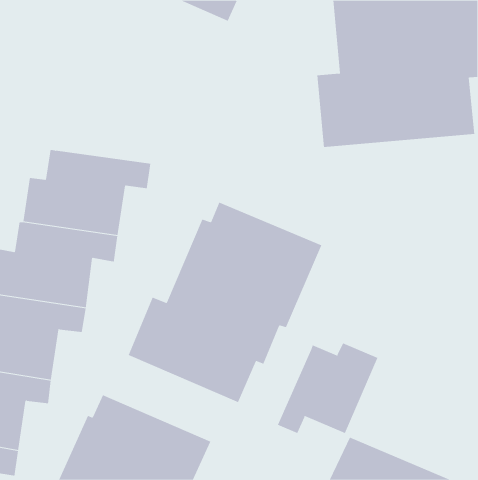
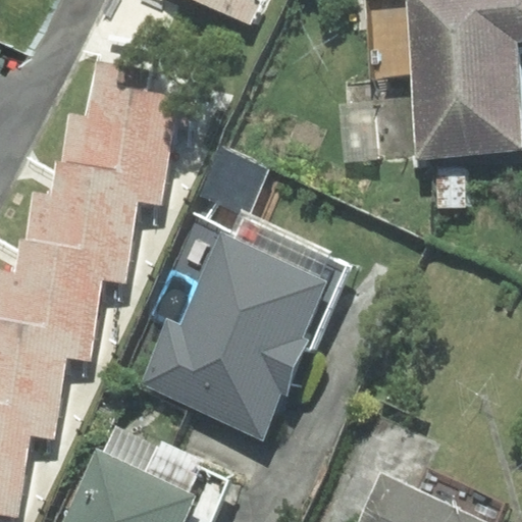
building: none -> [60,60,176,177]
building: [277,342,378,434] -> none

